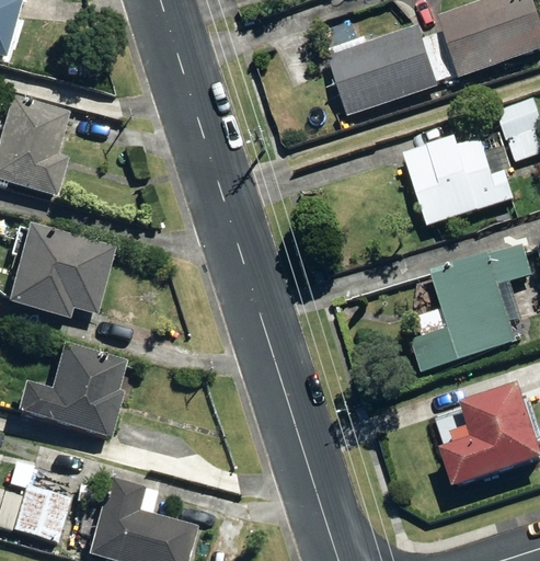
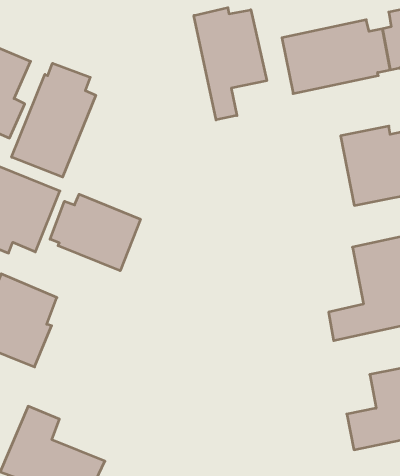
building: none -> [194,8,267,120]
building: none -> [12,63,96,177]
building: none -> [50,194,140,271]

